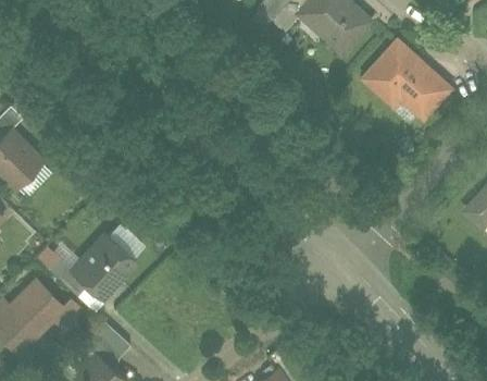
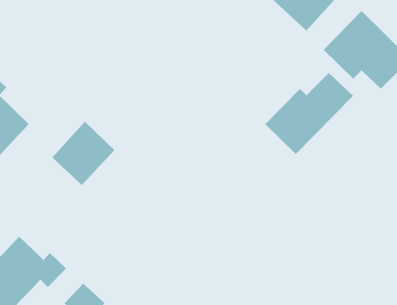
building: none -> [264,72,354,155]
building: [68,232,137,302] -> [51,121,115,186]

